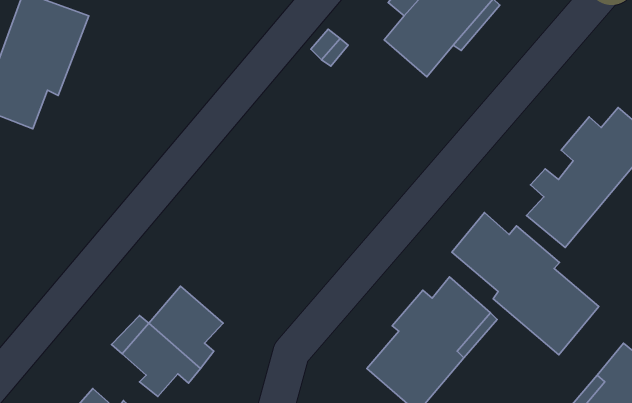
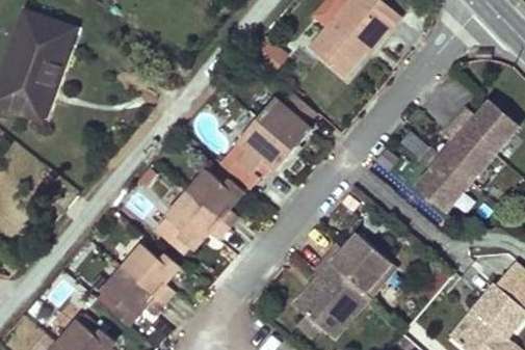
building: none -> [237,98,312,178]
building: none -> [165,171,243,251]
building: [452,213,599,355] -> none

